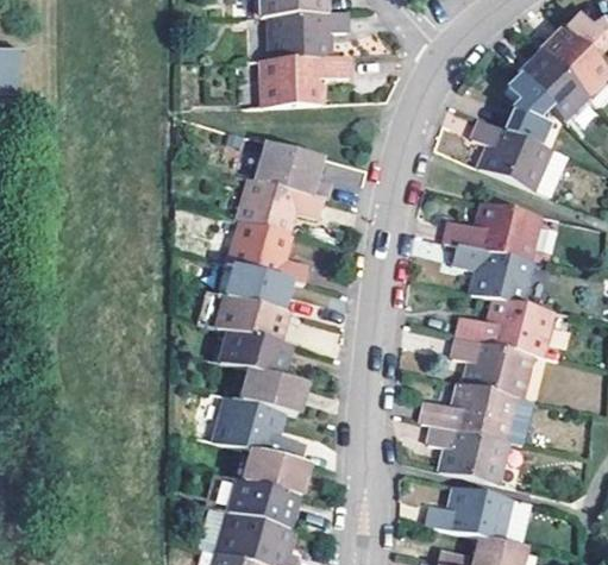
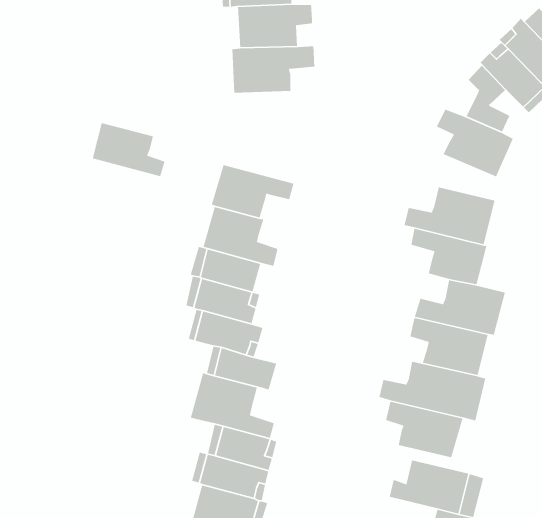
building: [256,139,332,196] -> [92,122,165,177]

